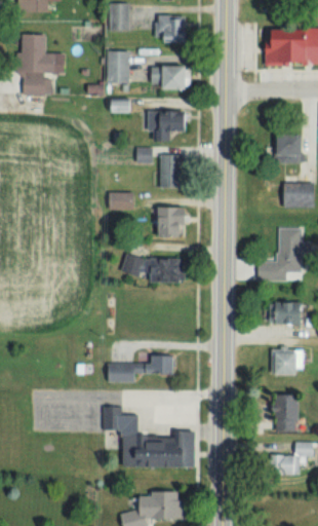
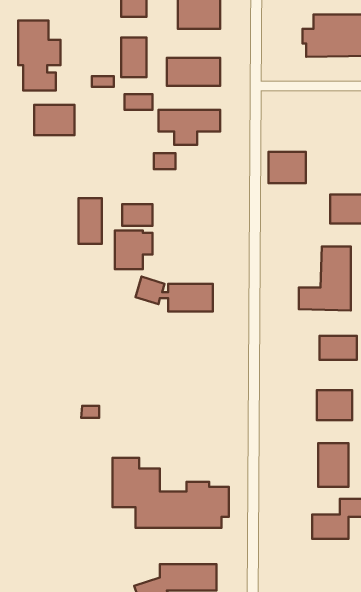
building: none -> [34,105,75,135]
building: [274,135,306,161] -> [268,152,306,183]
building: [156,154,181,187] -> none
building: none -> [78,198,102,244]
building: [159,205,191,238] -> [115,230,152,269]
building: [103,351,176,381] -> none

